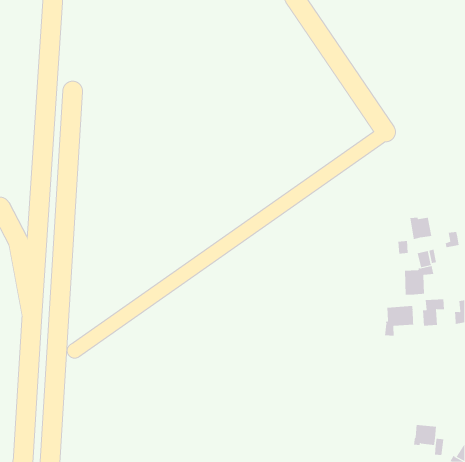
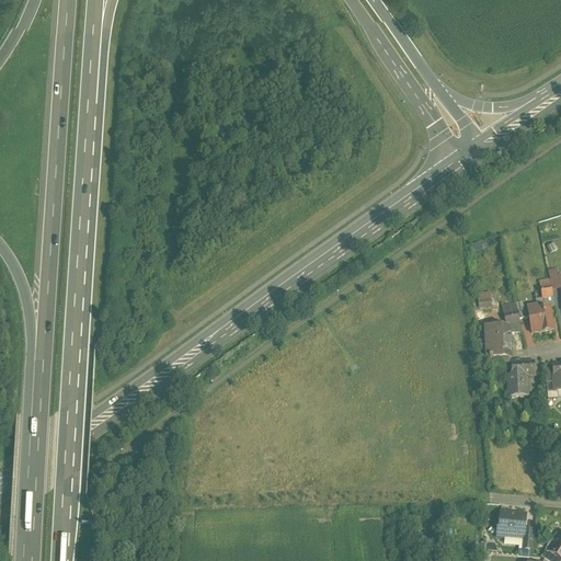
building: [409,217,432,240] -> [527,304,554,331]
building: [385,305,414,337] -> none

